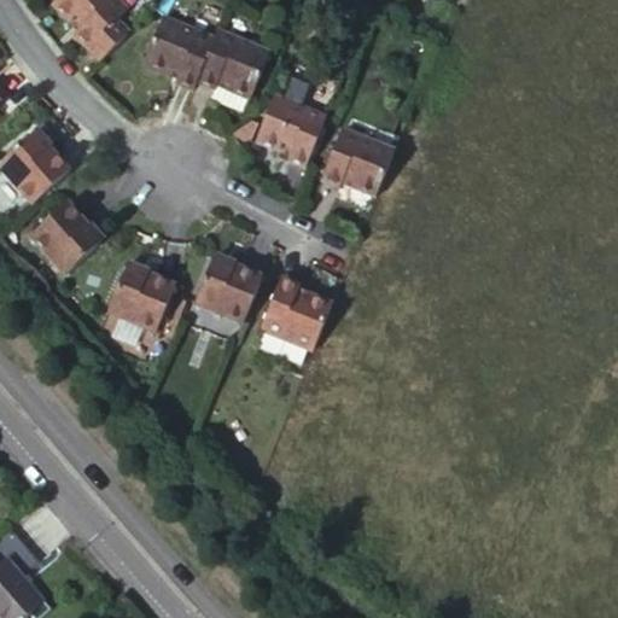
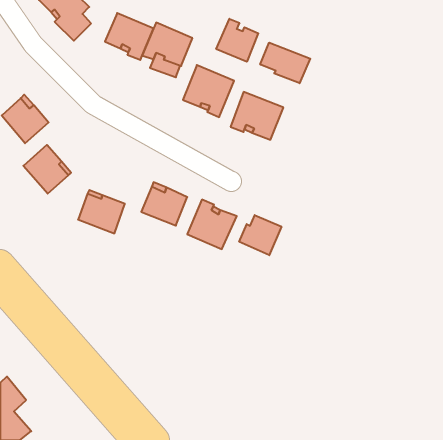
building: none -> [216,19,258,62]
building: none -> [260,43,310,83]
building: none -> [239,215,281,255]

